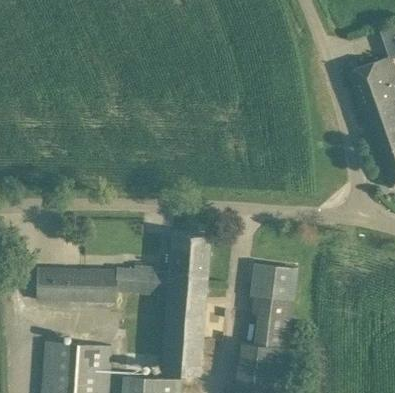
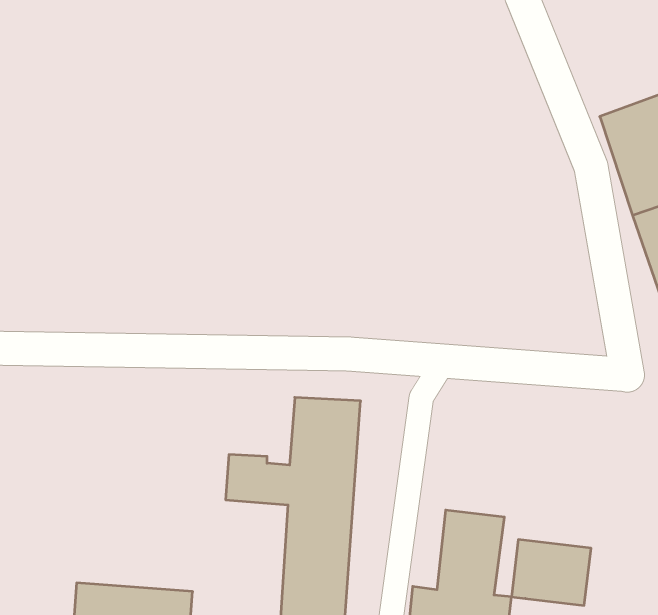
building: [251,264,297,302] -> [511,540,591,605]
building: [35,269,116,302] -> none

